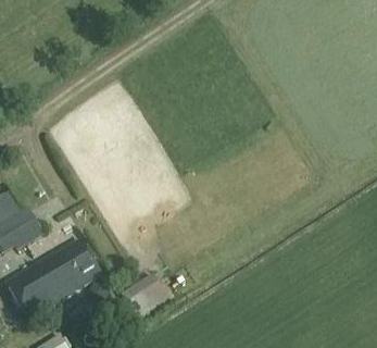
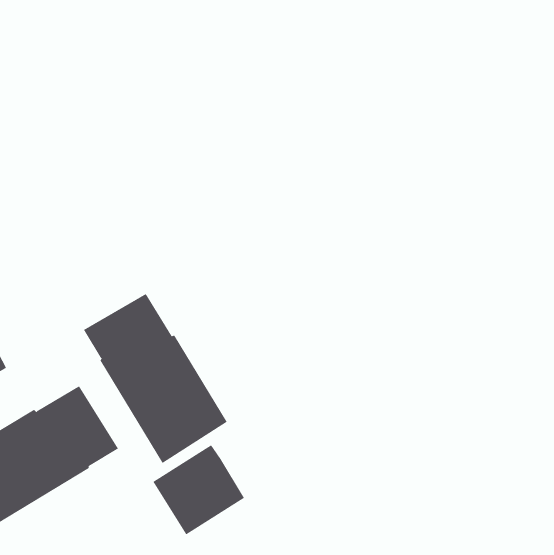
building: none -> [83,293,228,464]

